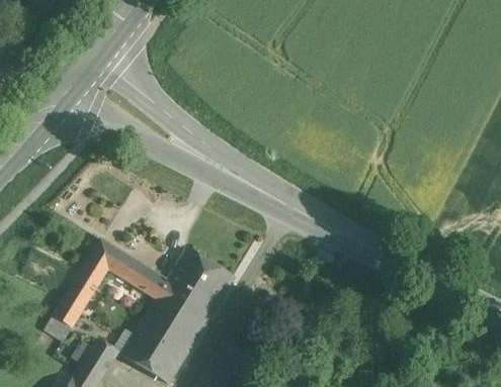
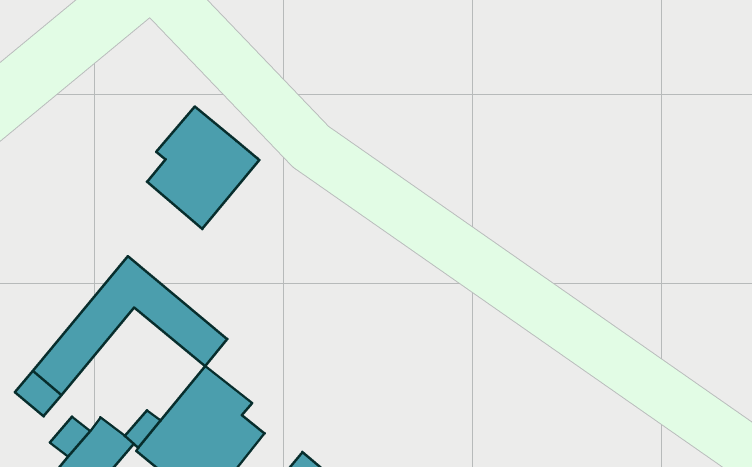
building: none -> [147,107,259,229]
building: [156,248,233,333] -> none

